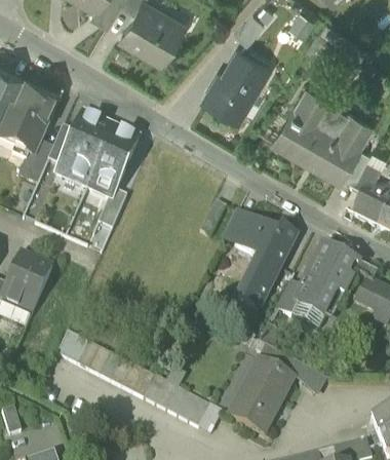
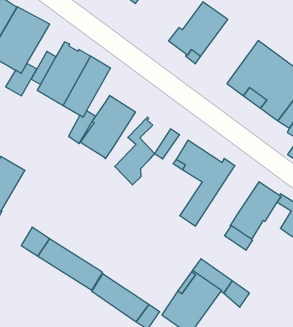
building: none -> [81,95,136,159]
building: none -> [115,117,155,185]
building: [275,280,304,315] -> none

